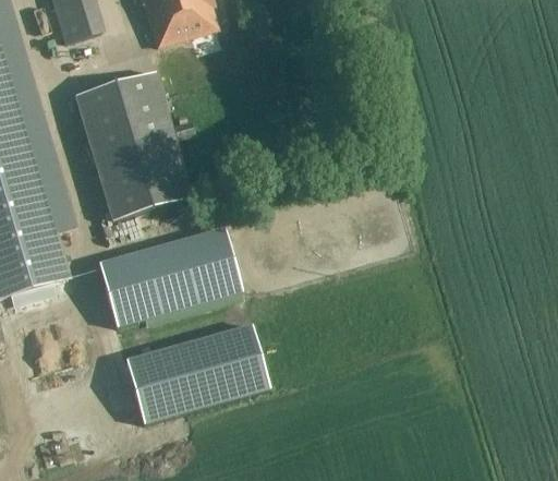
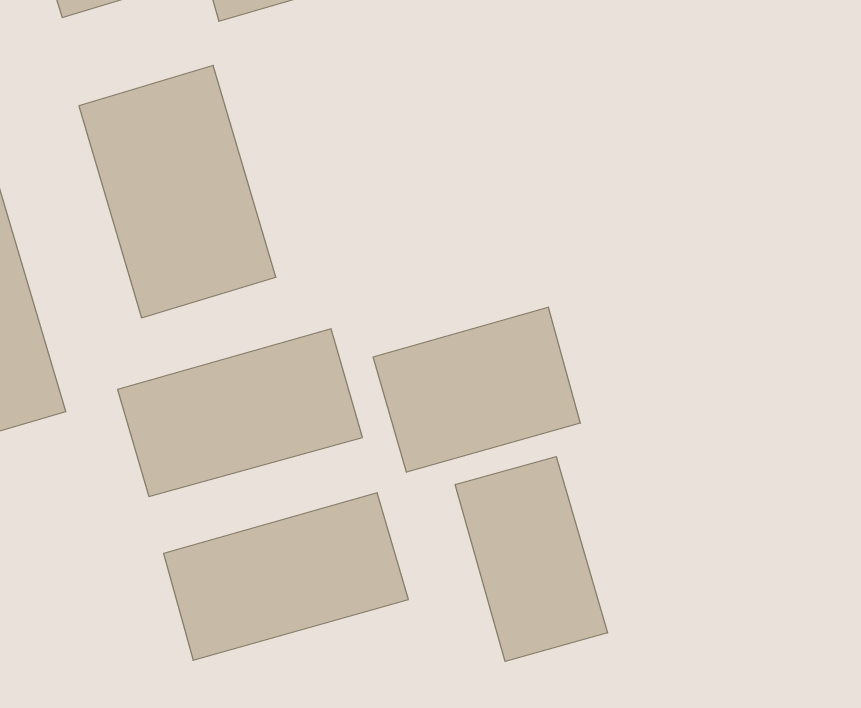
building: none -> [373,307,580,472]
building: none -> [455,457,608,661]

